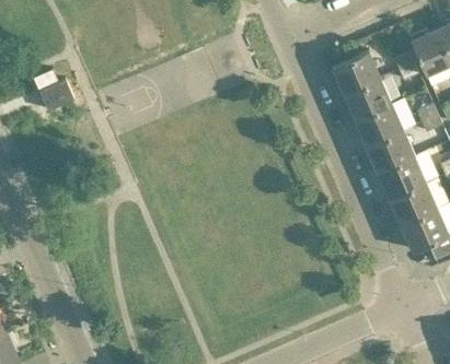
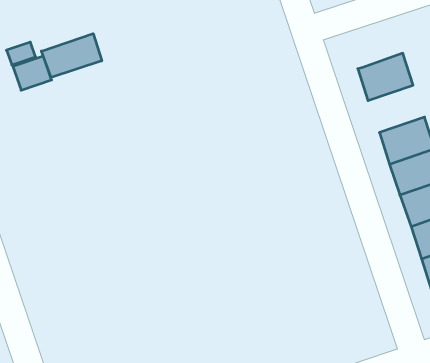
building: none -> [41,34,102,78]
building: [344,78,393,120] -> none

